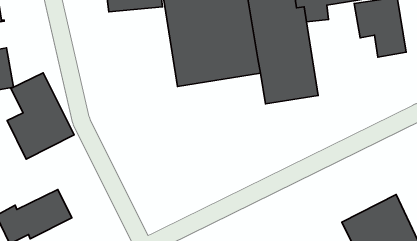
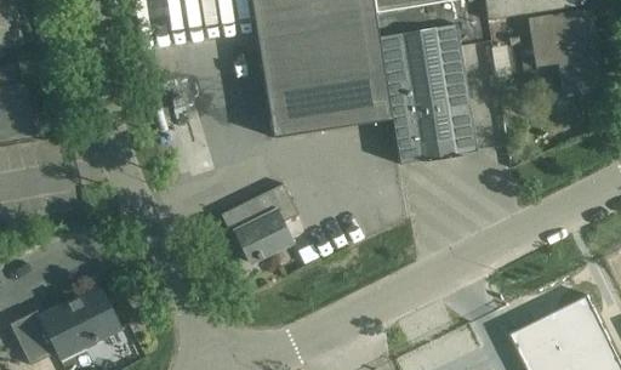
building: [7,73,74,159] -> none
building: none -> [220,184,297,263]

